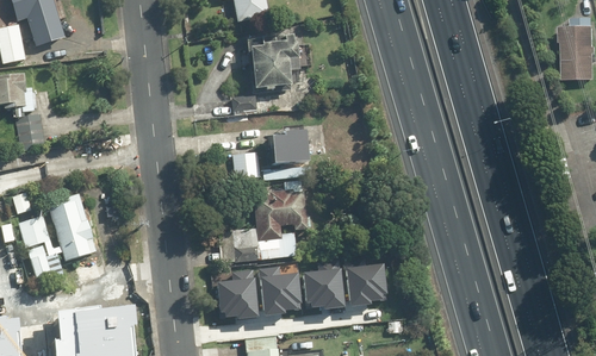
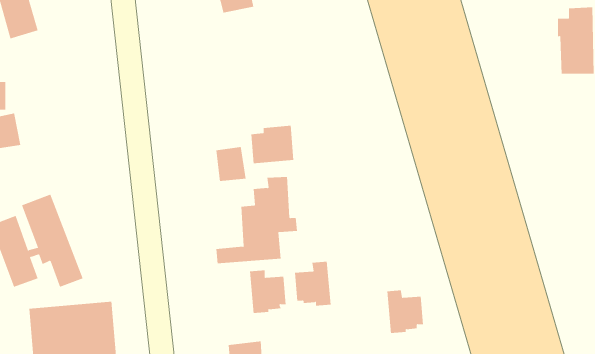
building: [234,36,296,112] -> none
building: [349,257,385,299] -> [386,290,424,334]
building: [221,268,256,311] -> none

